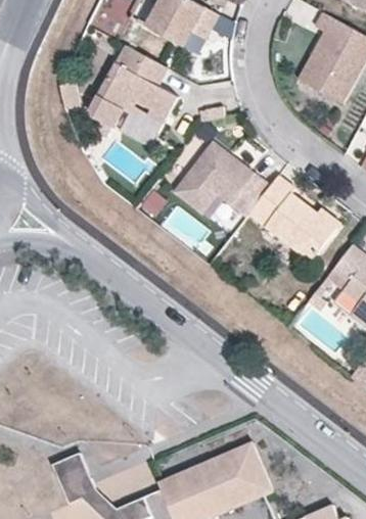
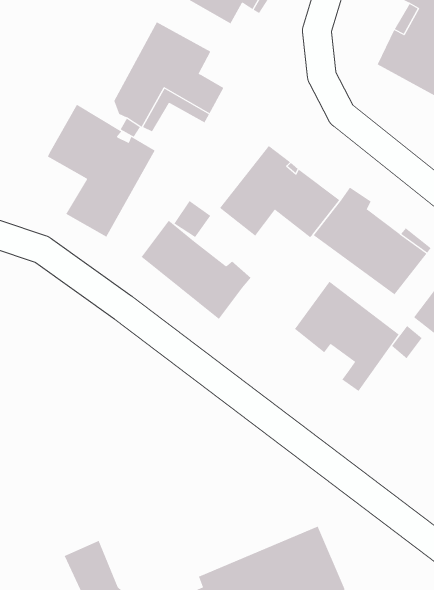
building: none -> [47,104,156,237]
building: none -> [141,220,252,320]
building: none -> [294,281,400,392]

